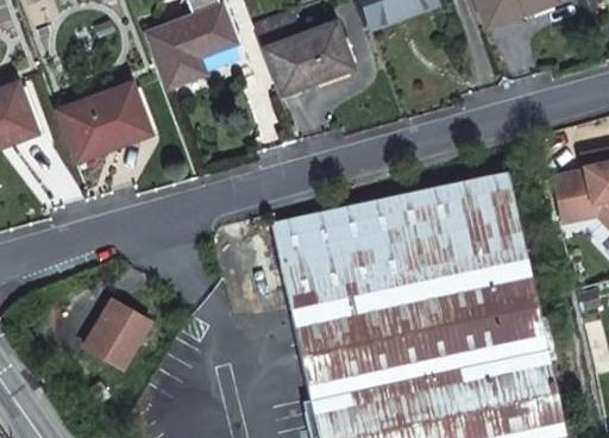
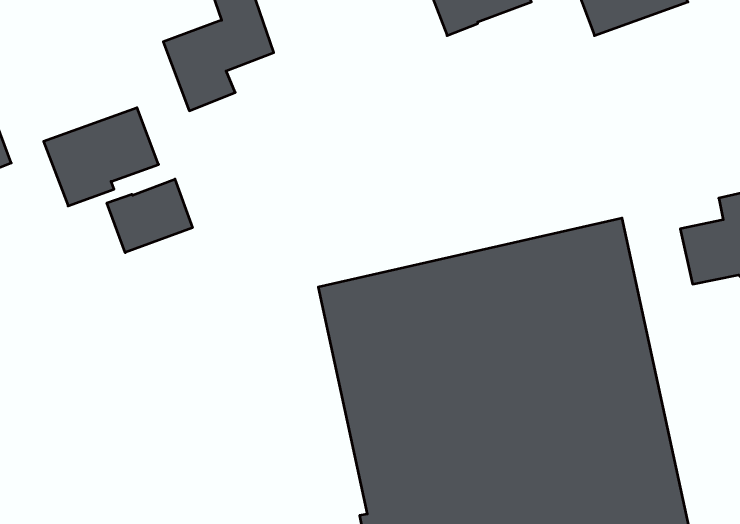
building: [256,13,352,95] -> none
building: none -> [107,179,192,253]
building: [84,301,149,370] -> none

